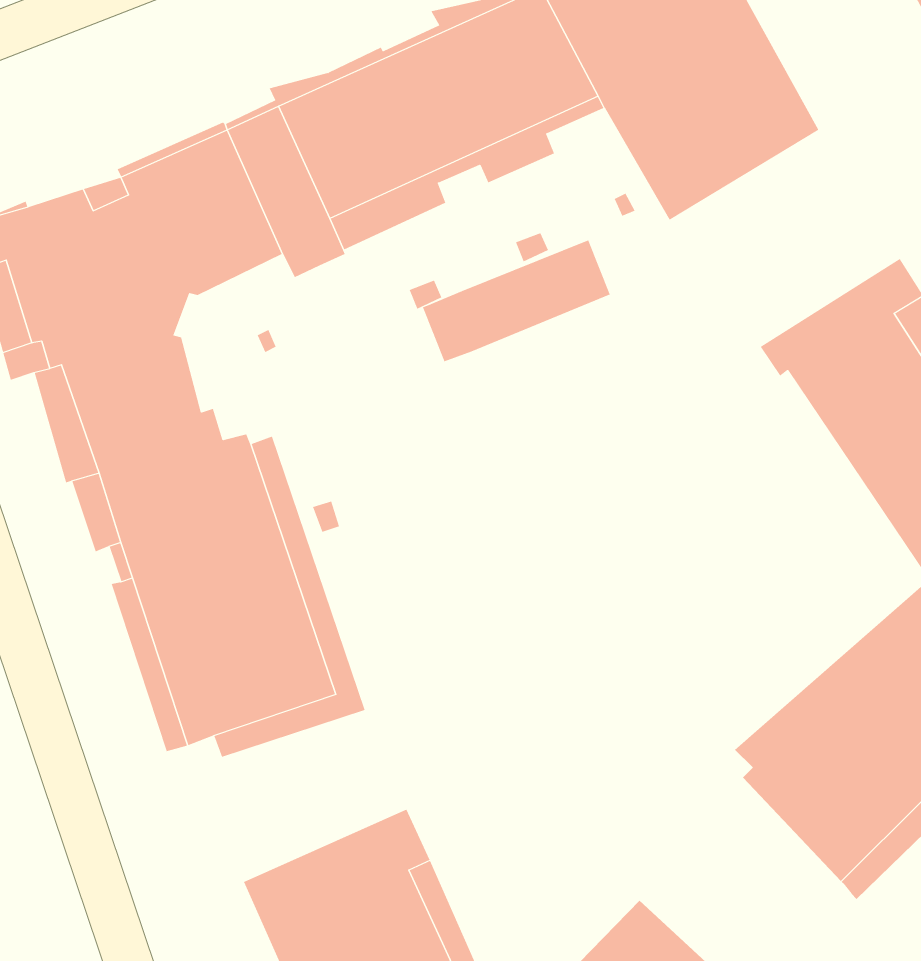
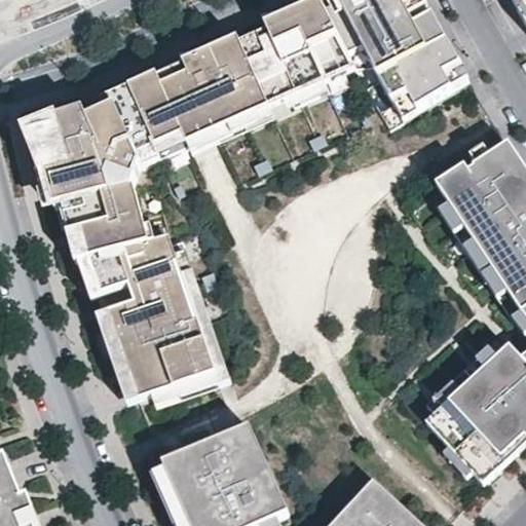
building: [422,240,611,362] -> none

